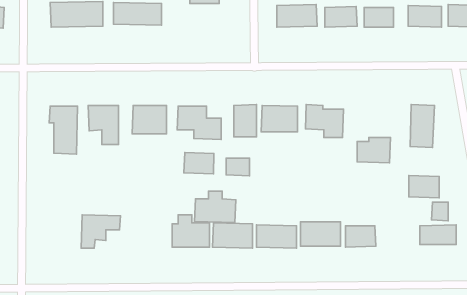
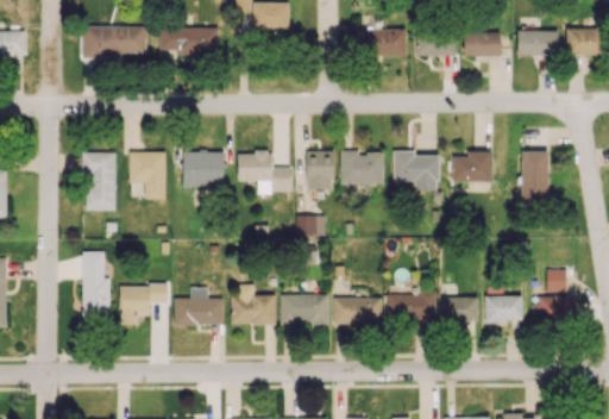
building: [357,137,390,163] -> [452,151,492,182]
building: [184,152,214,174] -> none
building: [409,175,439,198] -> [485,295,522,323]
building: none -> [82,251,109,324]
building: [195,191,236,222] -> [174,288,224,326]

